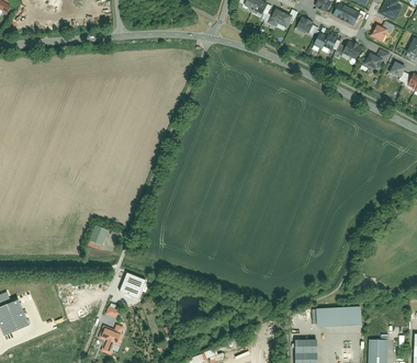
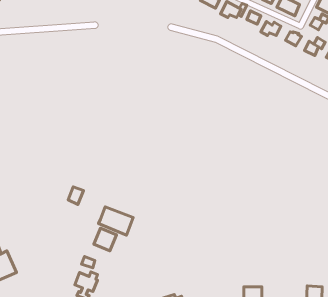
building: none -> [98,207,133,235]
building: [317,305,362,326] -> none

